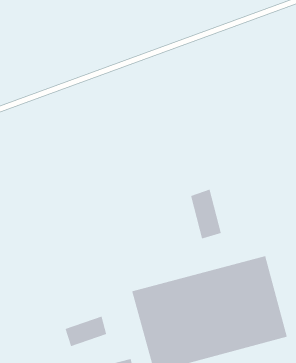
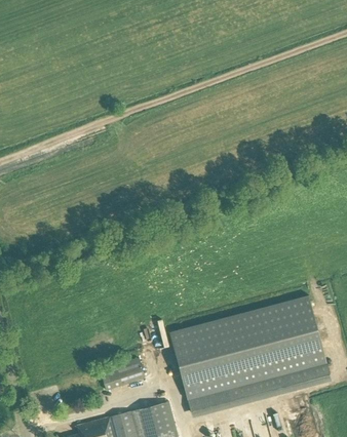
building: [190,189,222,239] -> none

